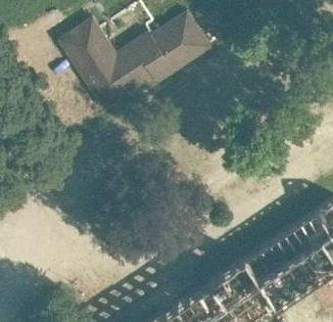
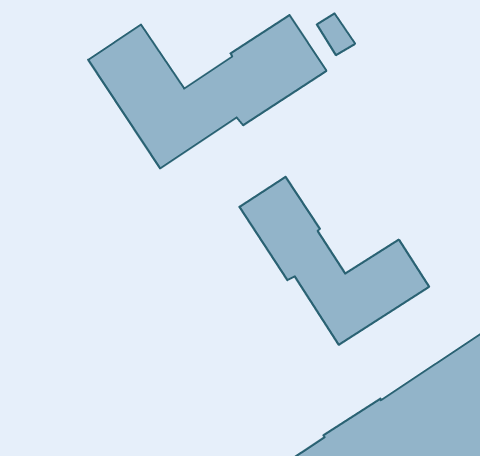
building: none -> [239,177,429,345]

